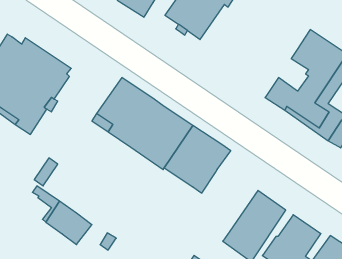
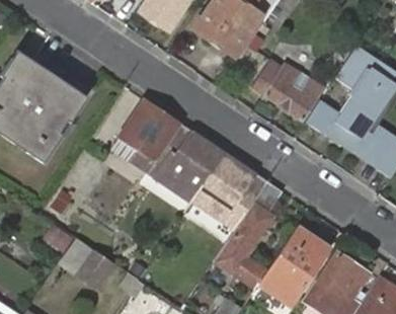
building: none -> [252,60,325,121]
building: none -> [216,181,283,288]

